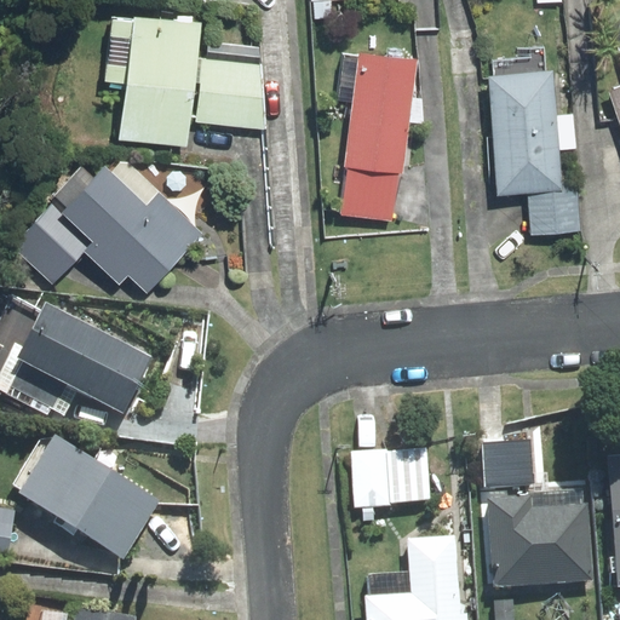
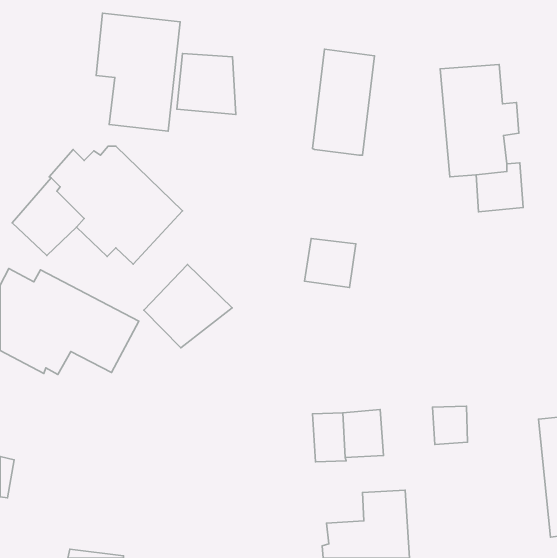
building: [343,166,400,220] -> [305,238,356,288]
building: none -> [144,264,232,348]
building: [15,435,161,558] -> none
building: [481,498,589,595] -> none

